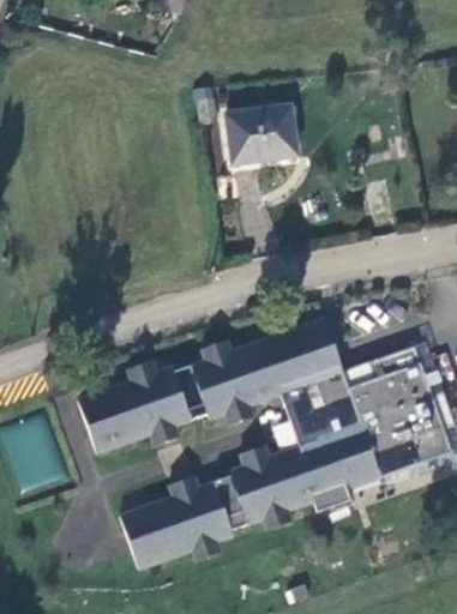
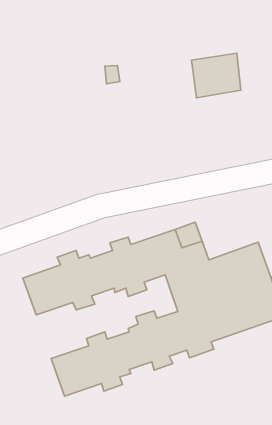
building: [227,101,297,164] -> [191,53,241,98]

